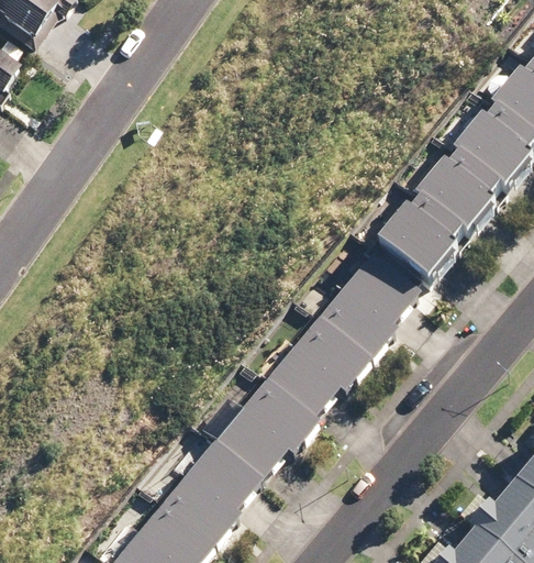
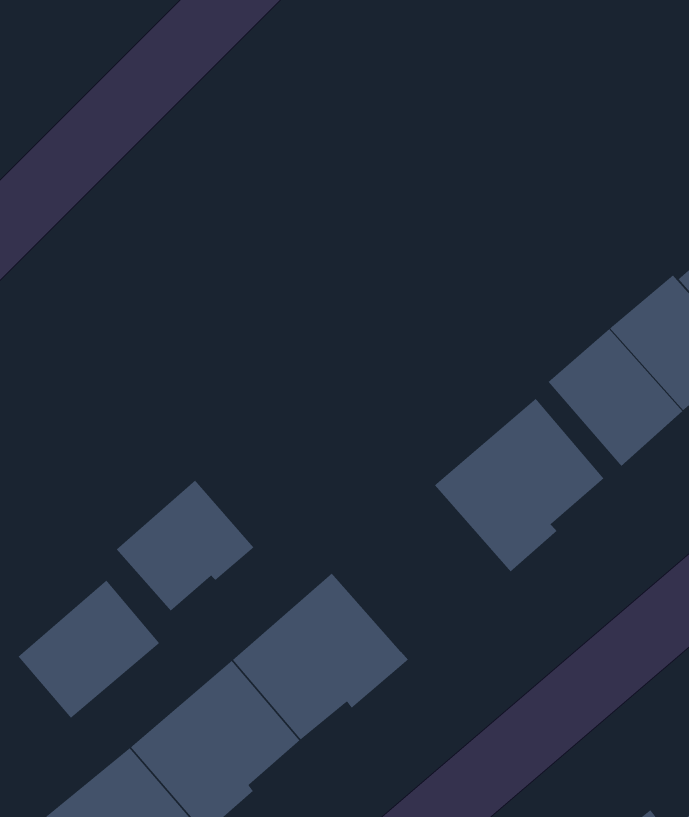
building: [264,318,371,421] -> none
building: none -> [116,480,254,611]
building: none -> [17,579,160,719]

